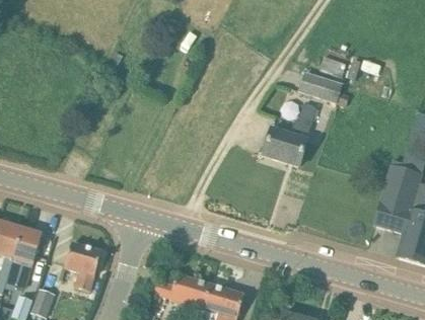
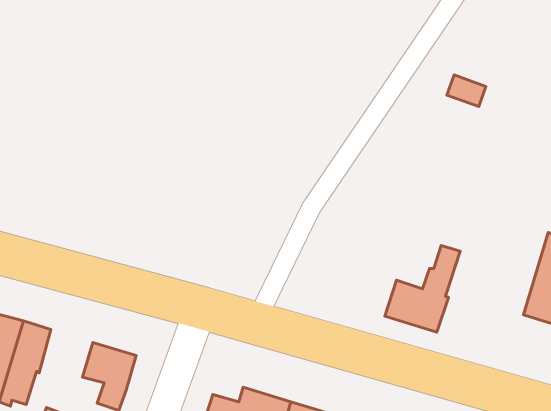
building: [298,71,342,102] -> none
building: [263,103,315,164] -> [385,245,460,332]

